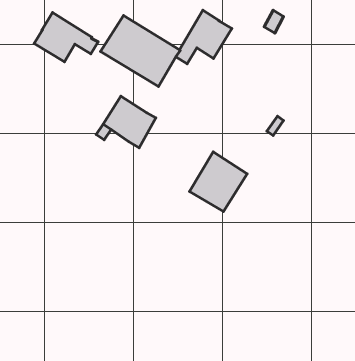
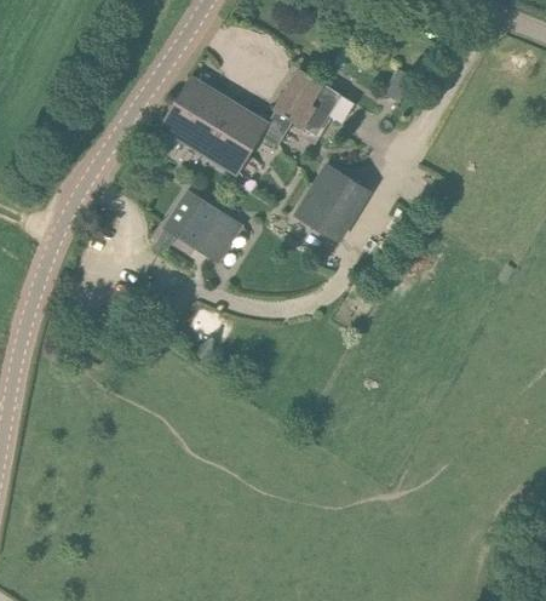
building: [34,12,98,62] -> none
building: [189,152,247,212] -> [293,161,373,244]

